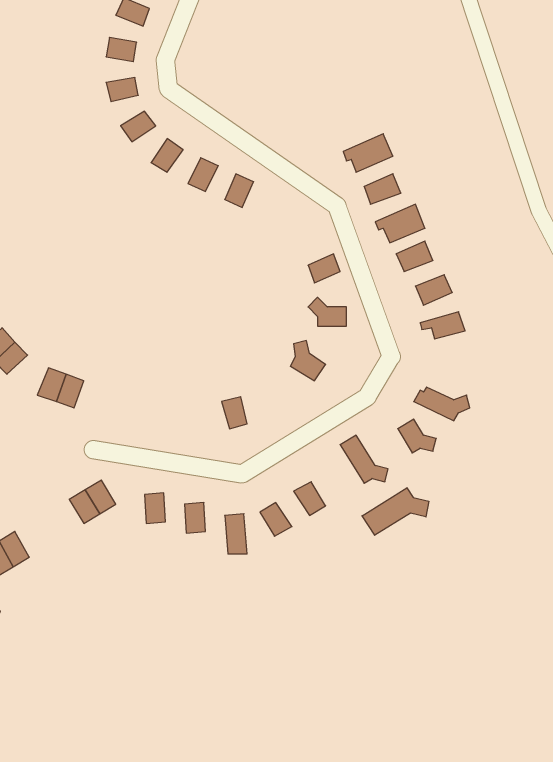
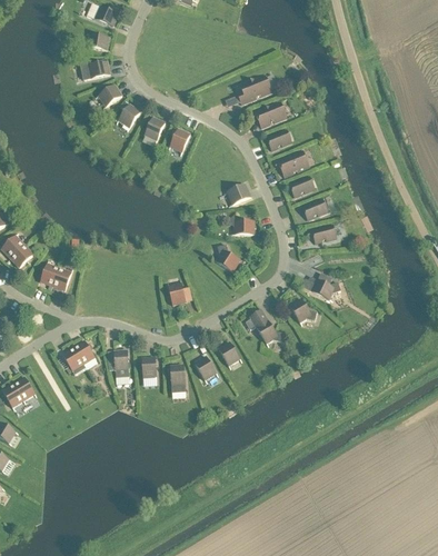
building: none -> [238,73,272,103]
building: [362,488,429,535] -> none

